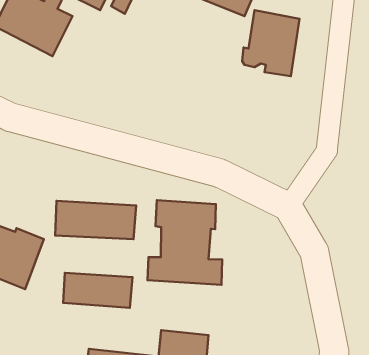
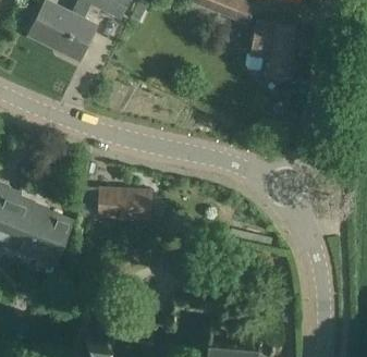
building: [148,200,222,285] -> none
building: [63,273,132,308] -> none

